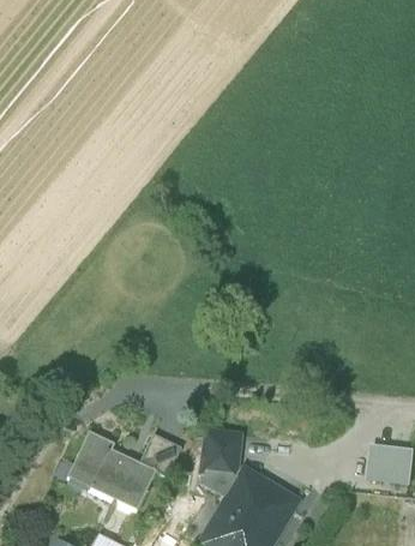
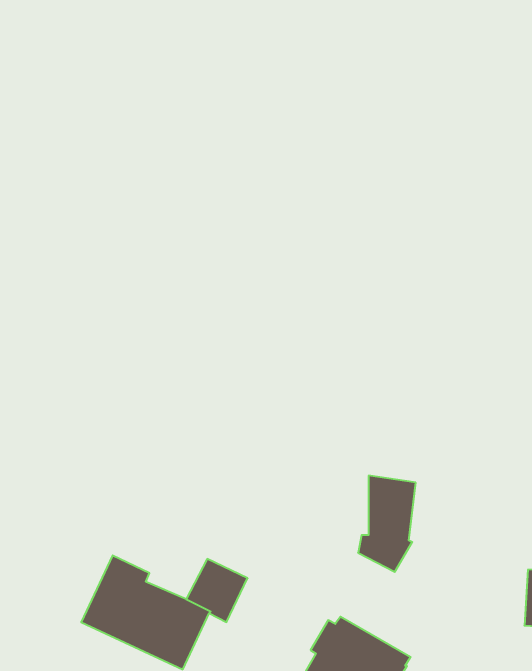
building: [198,432,237,498] -> [358,476,416,572]

